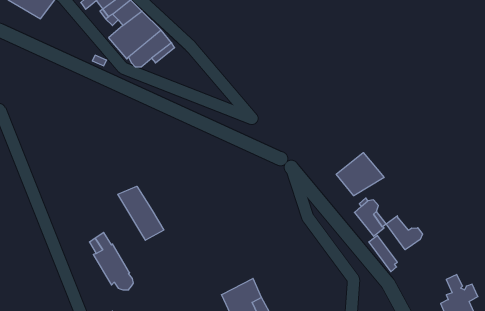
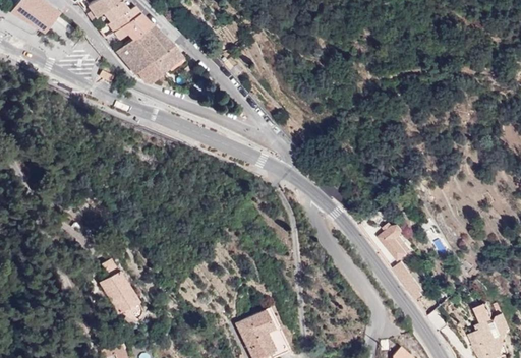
building: [336,153,384,196] -> none
building: [118,186,164,240] -> none
building: [386,216,422,250] -> none

